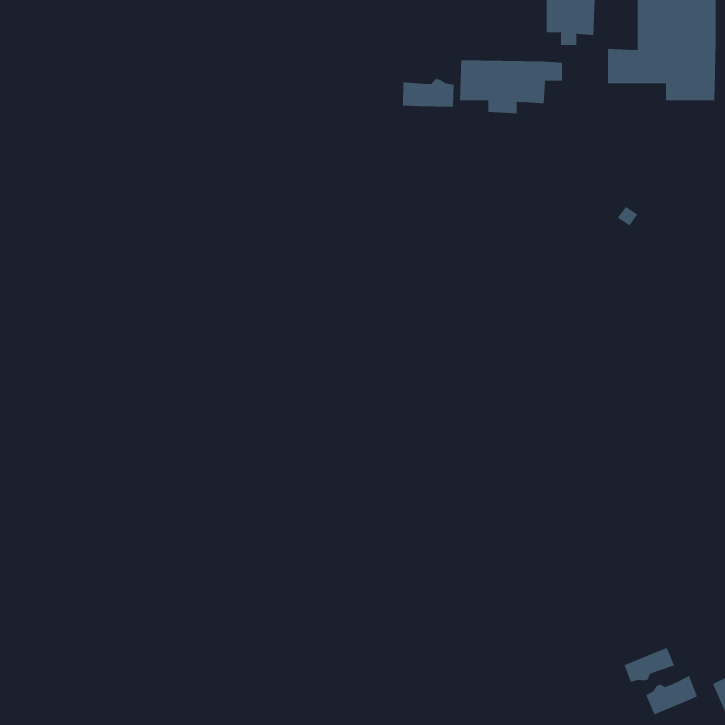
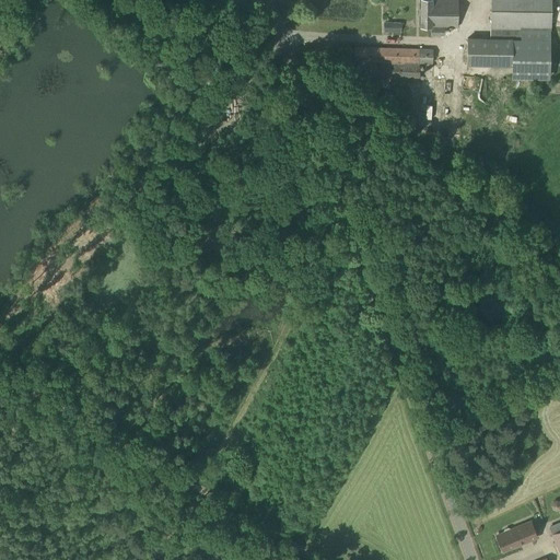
building: [403,78,454,107] -> none
building: [624,647,675,682] -> none

